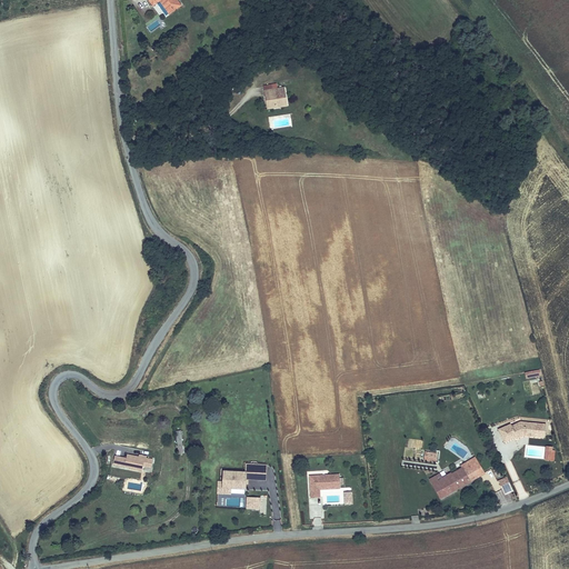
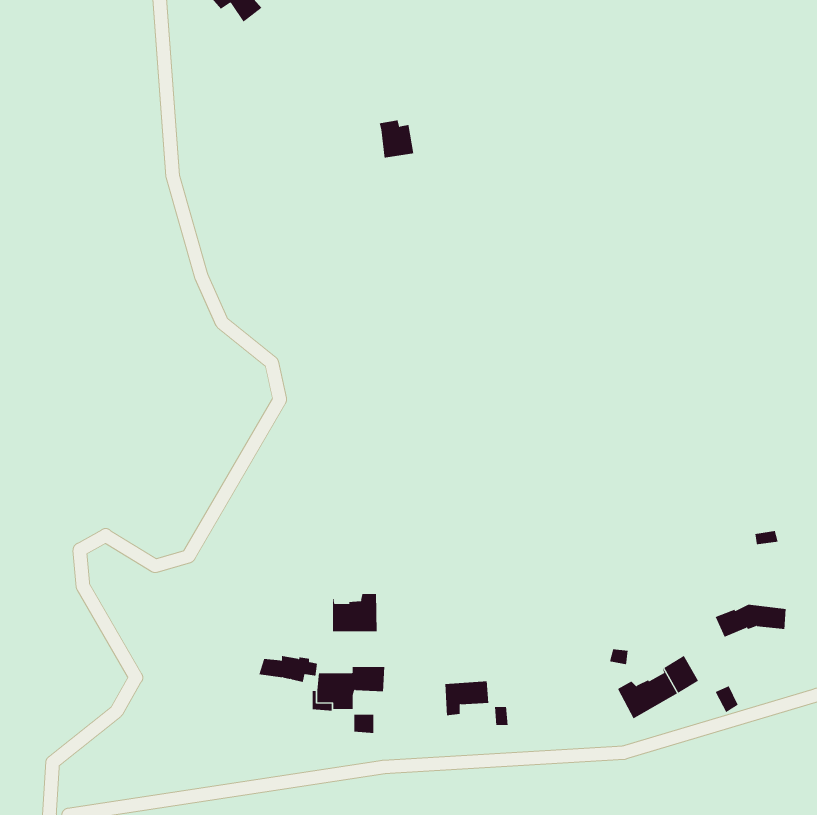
building: none -> [333,593,377,632]
building: [111,453,152,472] -> [259,655,318,683]

